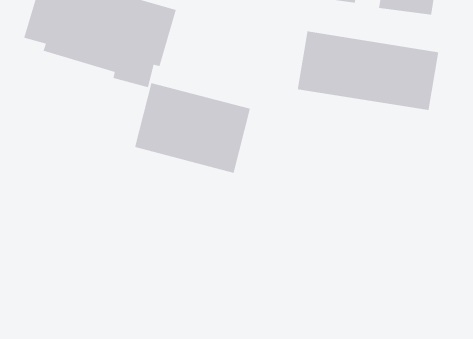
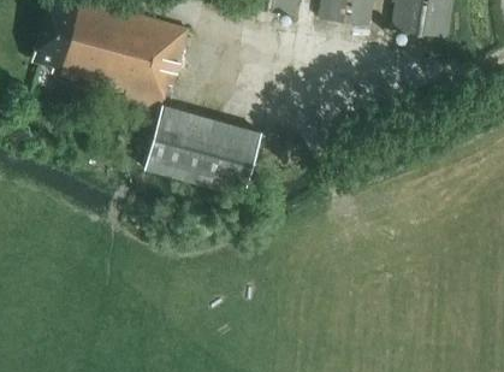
building: [297,31,439,111] -> none

